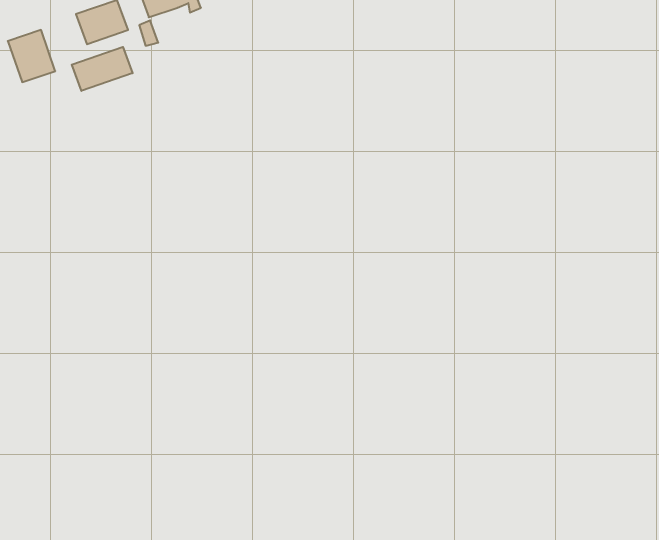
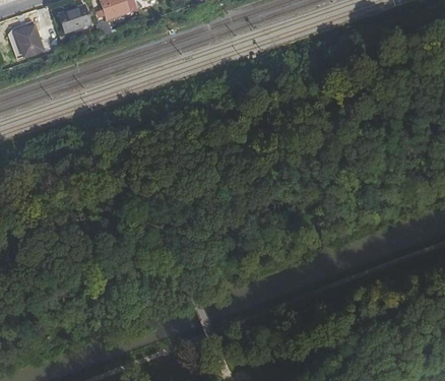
building: [72,47,133,91] -> none

